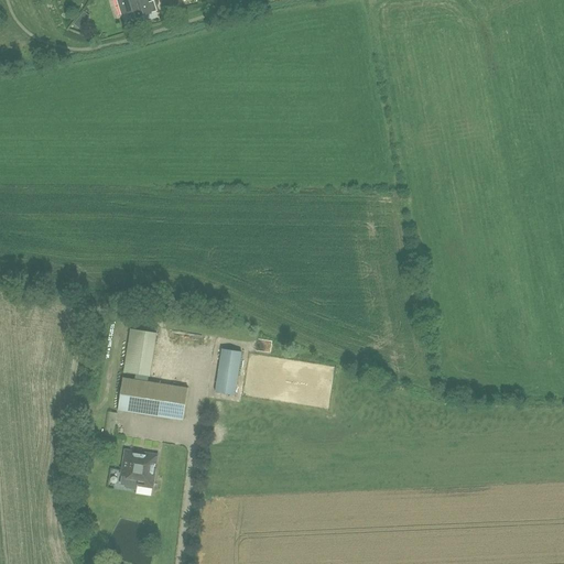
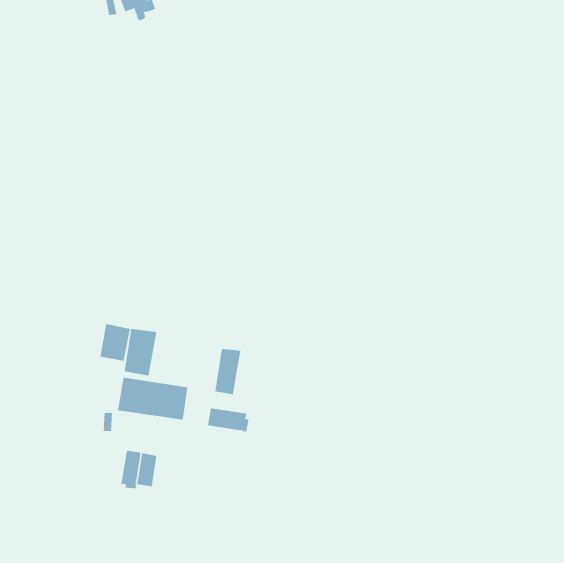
building: none -> [100,323,130,361]
building: none -> [207,408,249,432]

